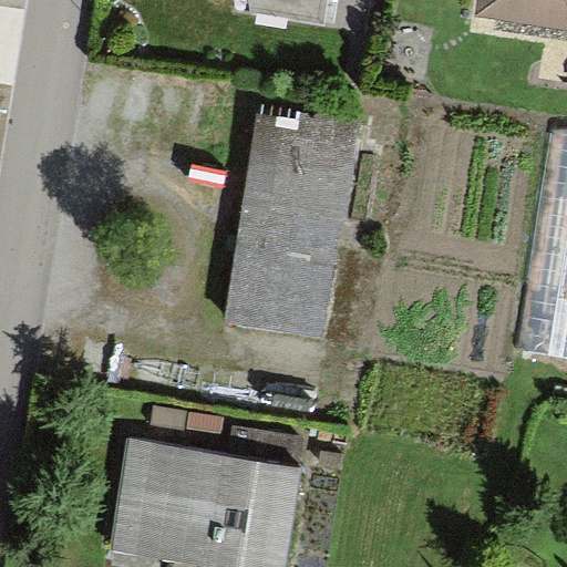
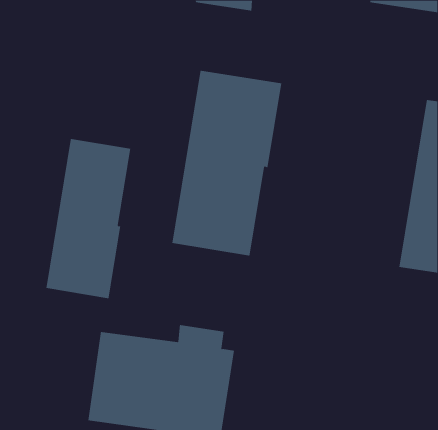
building: none -> [46,138,131,299]

